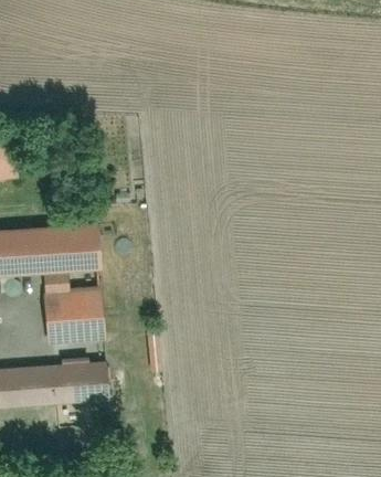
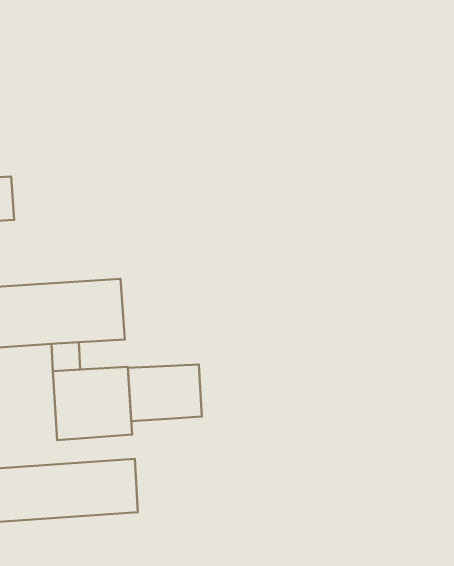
building: none -> [128,364,202,421]

